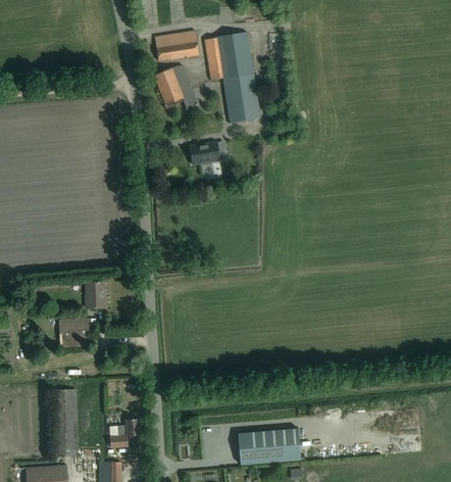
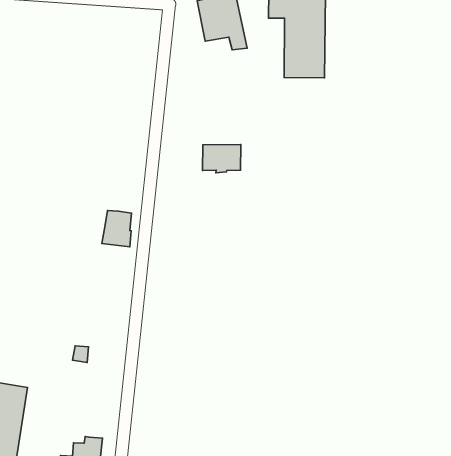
building: [189,141,220,165] -> [203,145,241,173]
building: [85,282,106,308] -> [102,211,131,247]
building: [58,319,96,347] -> none

